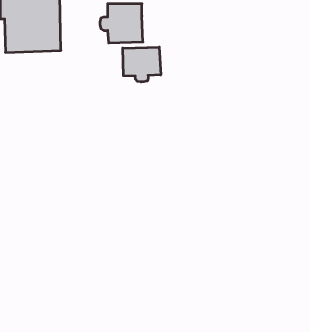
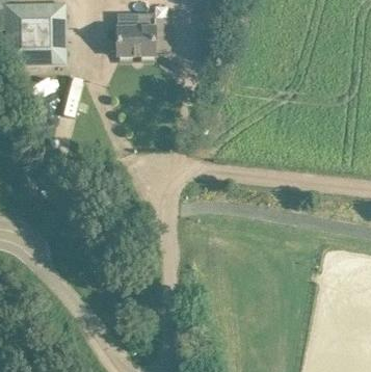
building: [123,47,161,82] -> none

